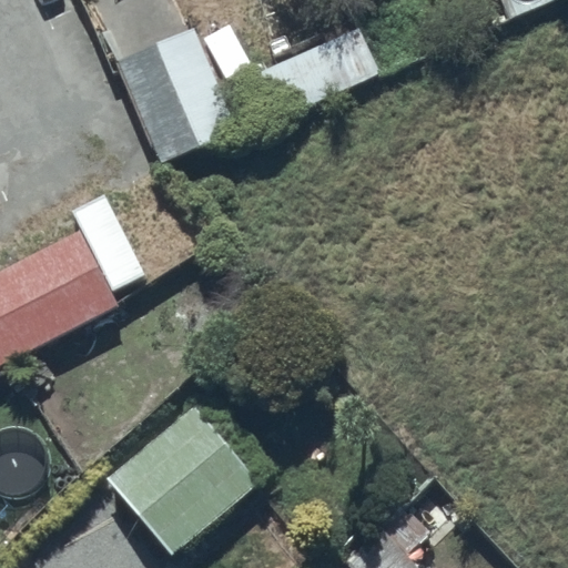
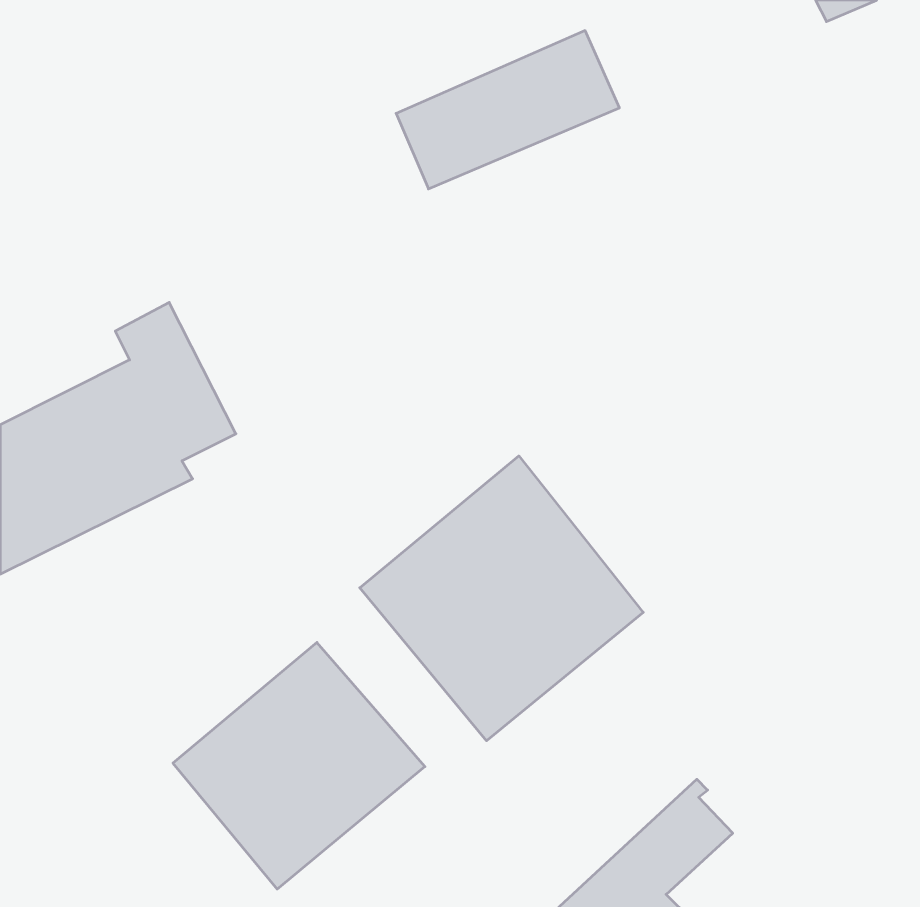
building: [116,29,240,163] -> none
building: none -> [360,456,643,741]

